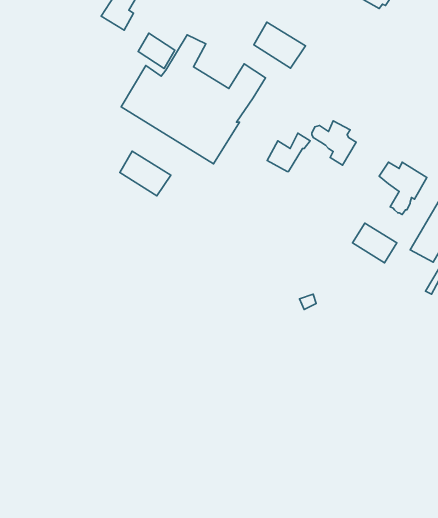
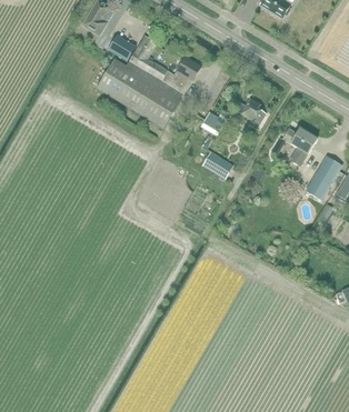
building: [254,22,305,68] -> none
building: [120,151,171,196] -> none
building: [352,223,397,263] -> [201,151,233,180]

